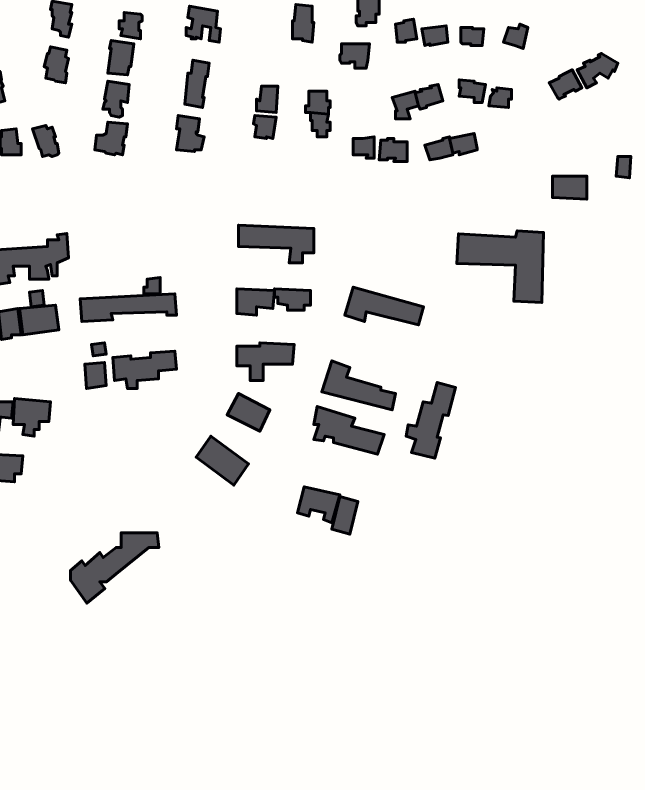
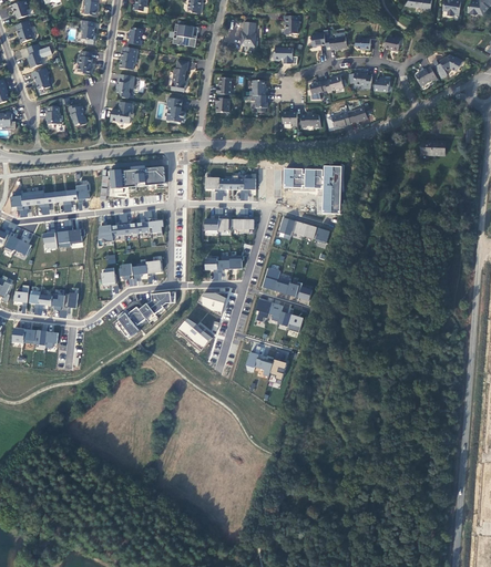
building: none -> [110,163,166,185]
building: [457,231,543,303] -> [284,163,342,212]
building: [406,383,455,458] -> none
building: [70,533,159,603] -> [117,290,177,338]

